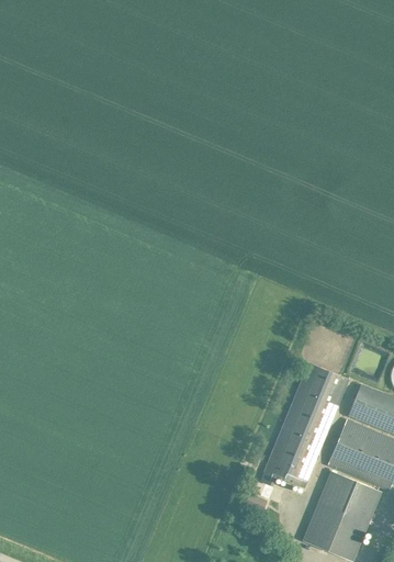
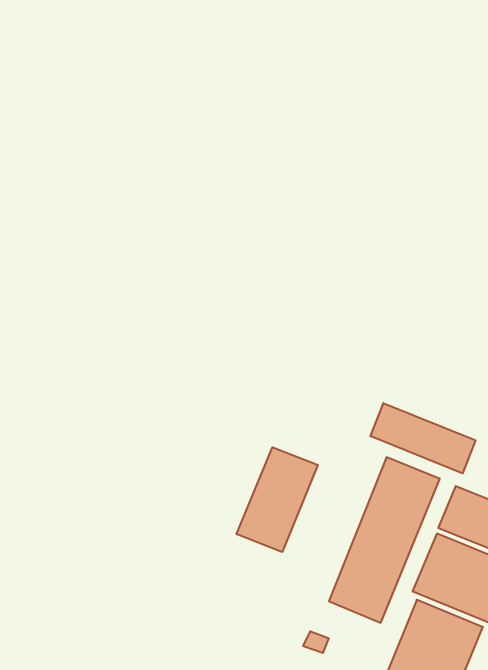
building: none -> [370,403,476,473]
building: none -> [237,447,318,552]

